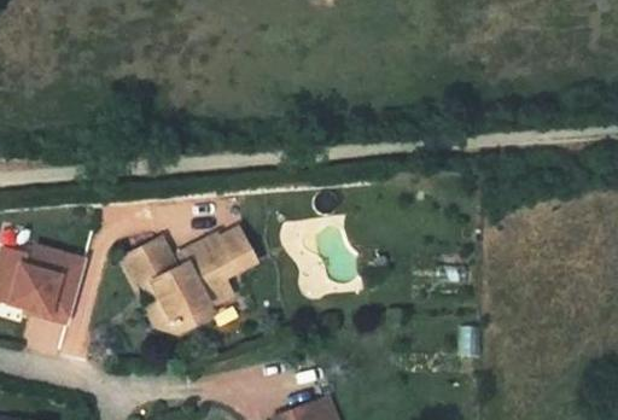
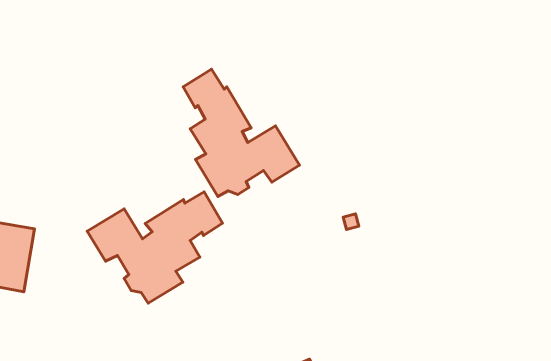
building: none -> [183,69,300,196]

